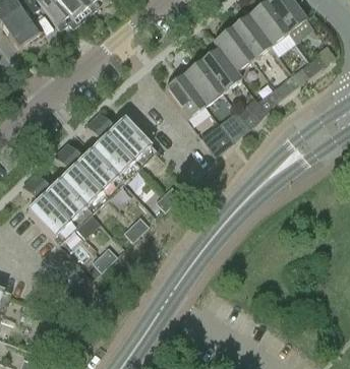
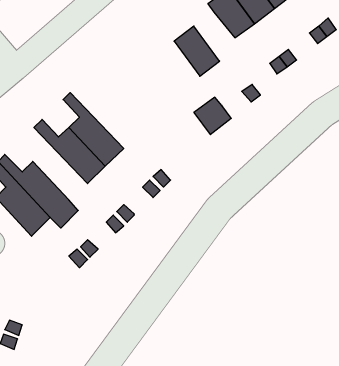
building: [199,49,240,91] -> none
building: [164,74,205,119] -> none
building: [92,112,155,168] -> none
building: [53,149,107,212] -> none

